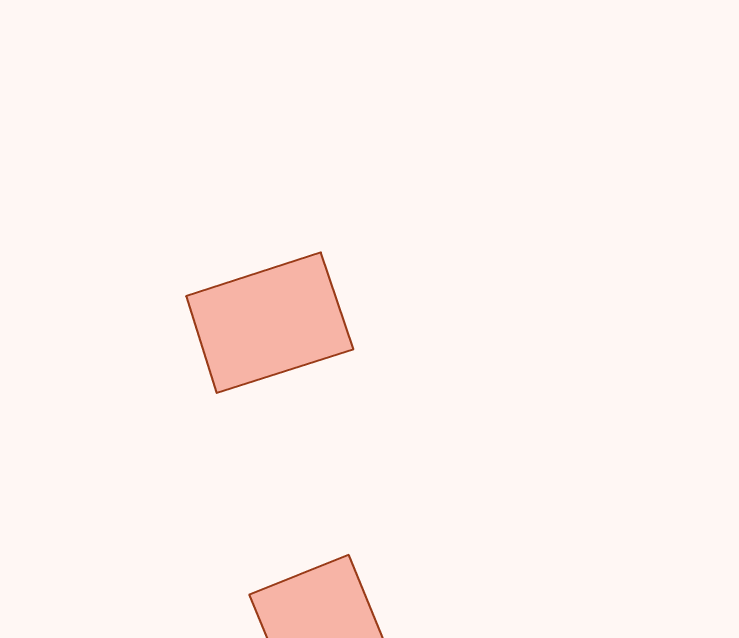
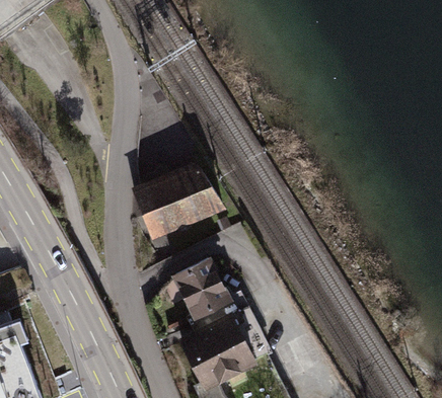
building: none -> [174,260,234,324]

